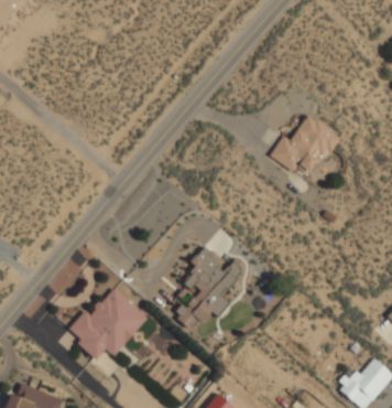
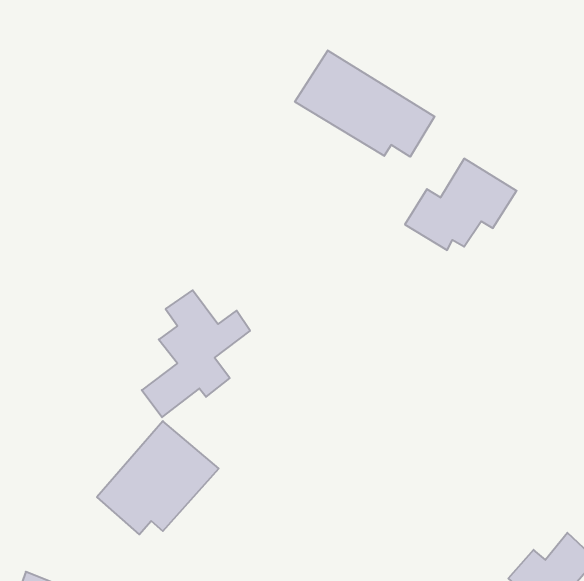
building: none -> [295,50,435,157]
building: [174,247,244,330] -> [142,290,250,417]

